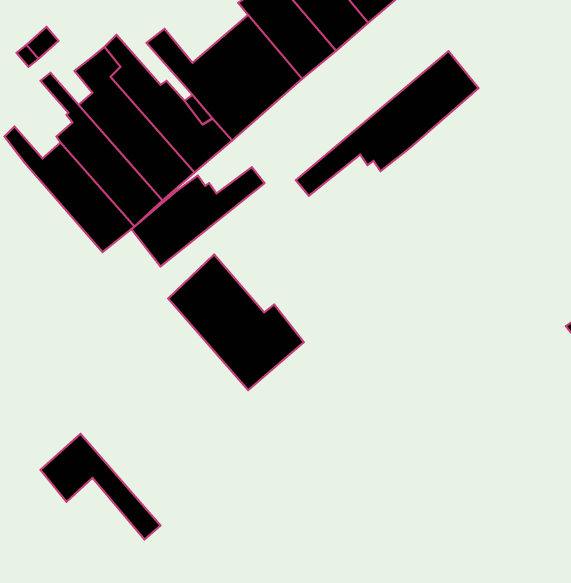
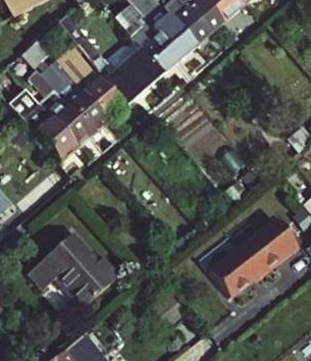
building: [296,51,479,196] -> none
building: [131,167,265,266] -> none
building: [168,254,304,390] -> [51,230,120,300]
building: none -> [207,214,295,294]

